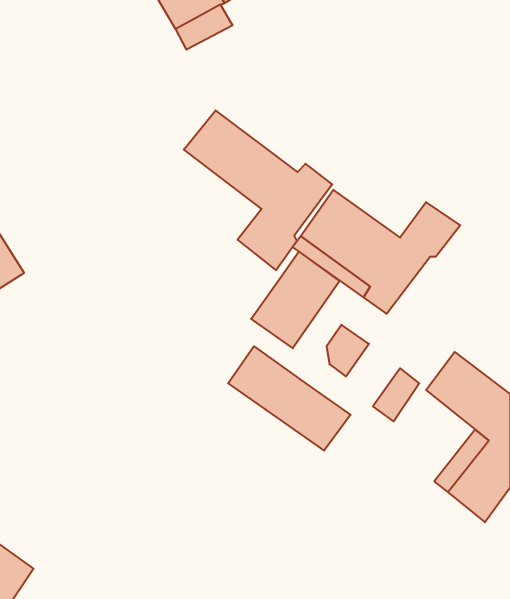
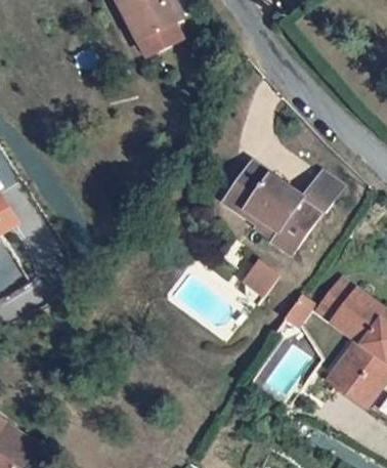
building: [184,110,332,270] -> none
building: [251,252,340,348] -> none
building: [228,346,351,451] -> none

